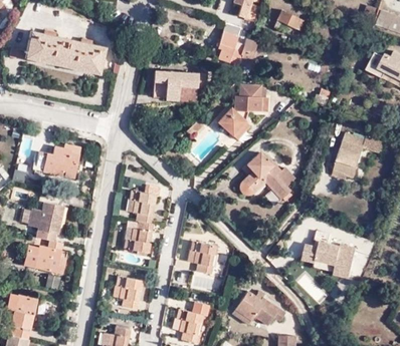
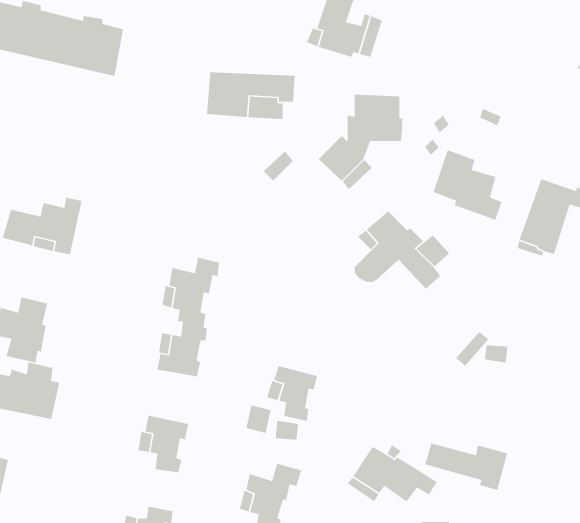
building: none -> [432,149,503,221]
building: [302,250,351,278] -> [424,443,508,491]

